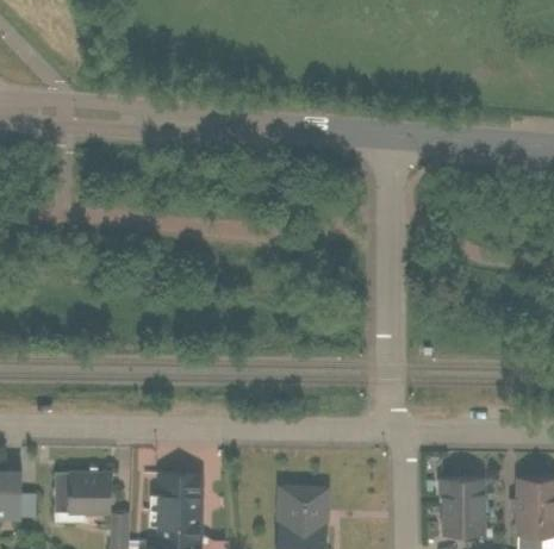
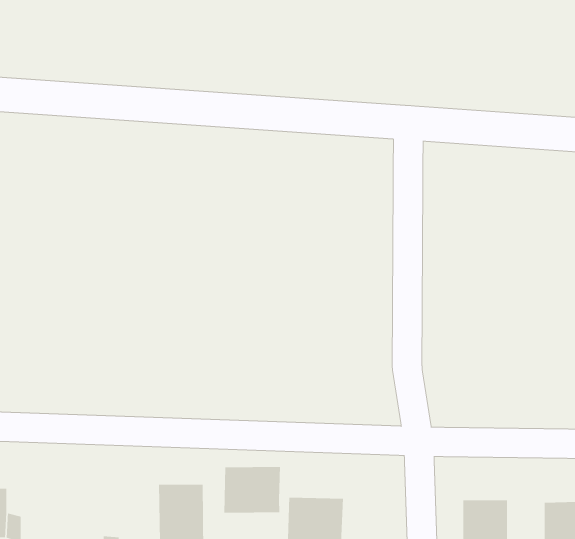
building: none -> [224,466,281,514]
building: [64,476,106,512] -> none

